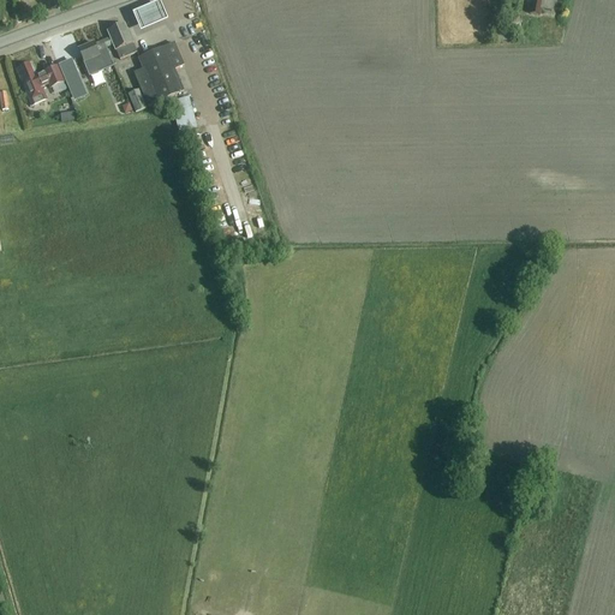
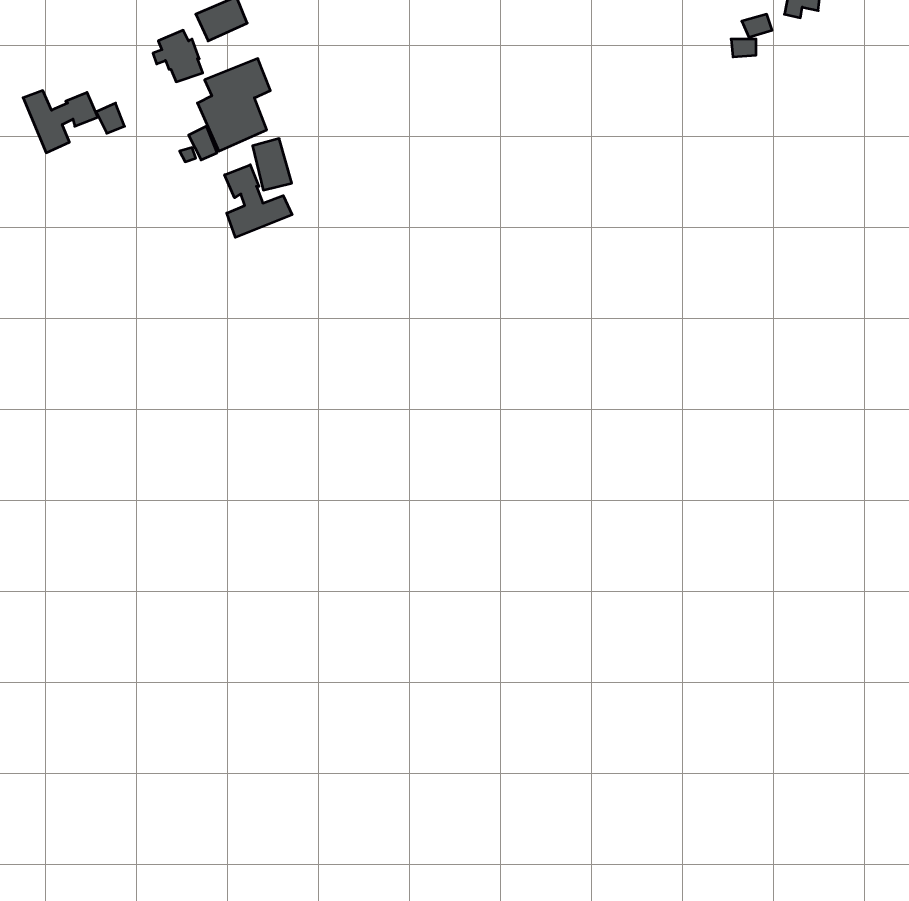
building: [78,36,112,65] -> none
building: none -> [225,165,292,237]

